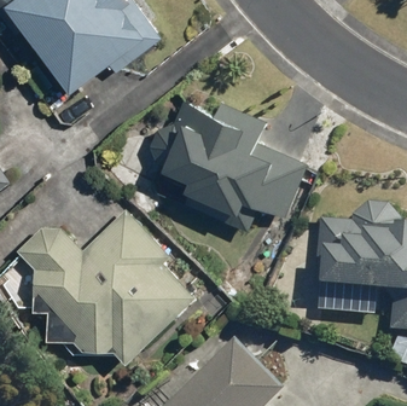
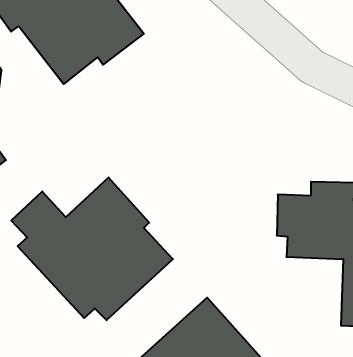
building: [146,97,310,230] -> none

